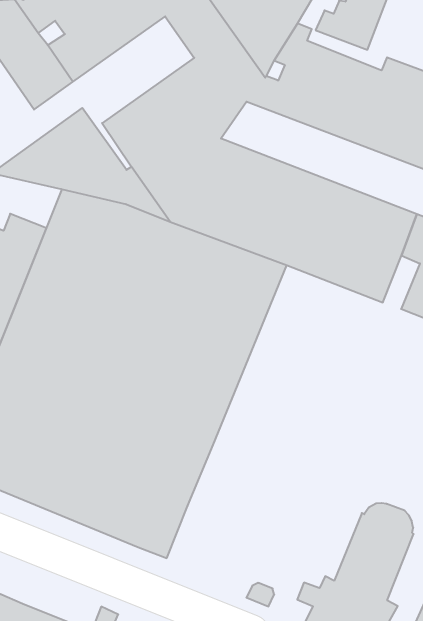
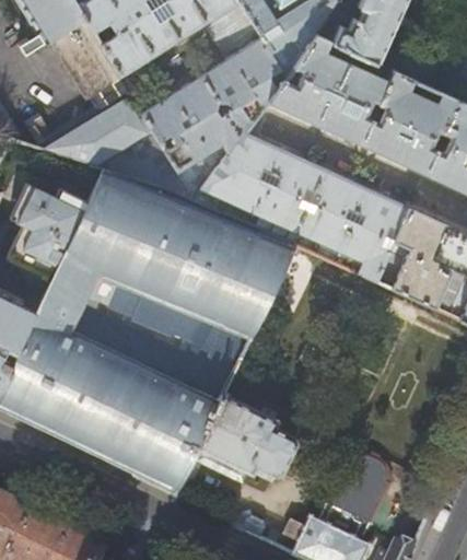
building: none -> [198,396,297,483]

